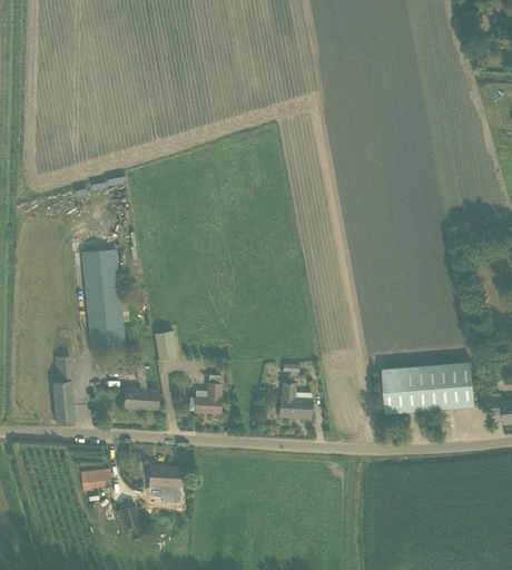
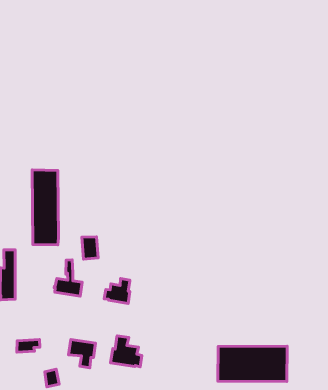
building: [381,361,473,413] -> [218,346,287,382]
building: [278,383,311,417] -> none
building: none -> [111,336,142,367]

